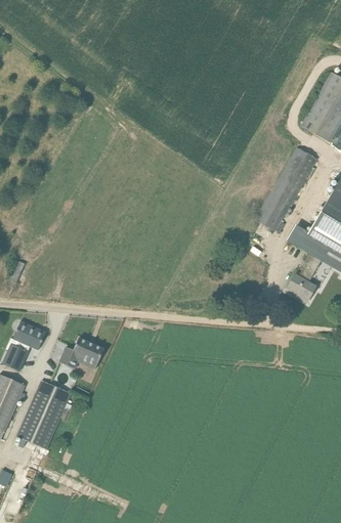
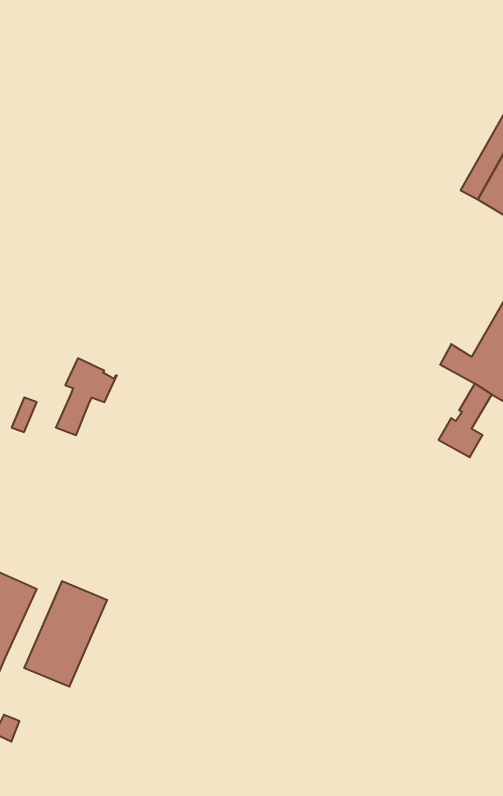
building: [256,146,317,230] -> none
building: [7,320,47,371] -> [56,358,117,435]
building: [59,337,104,368] -> none

